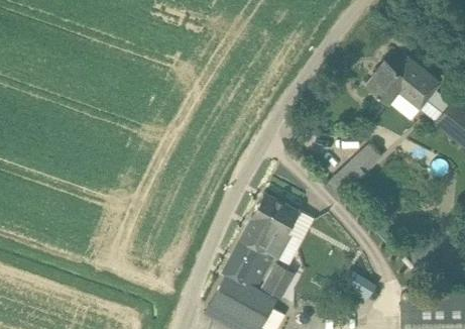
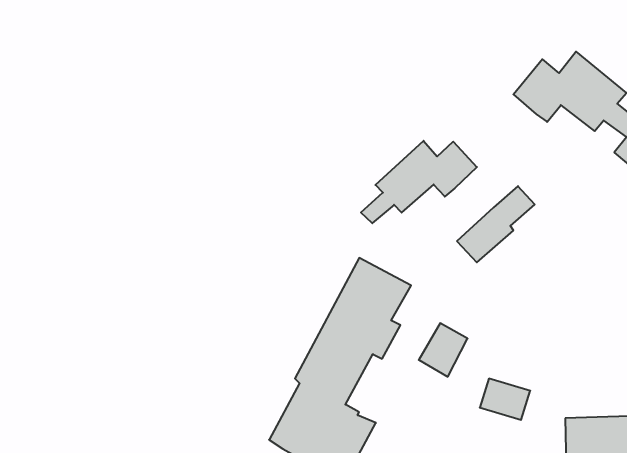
building: none -> [361,141,477,223]
building: [262,262,295,298] -> [419,323,468,377]

